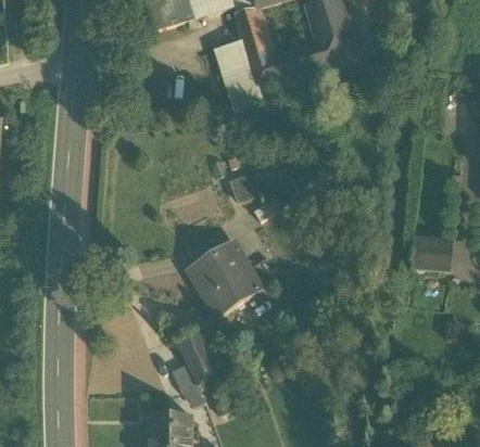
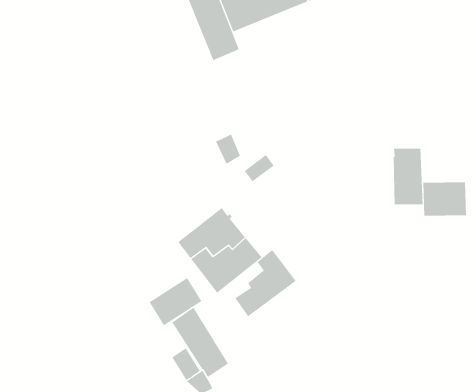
building: none -> [393,148,423,205]
building: none -> [235,249,297,317]
building: none -> [149,277,202,326]

